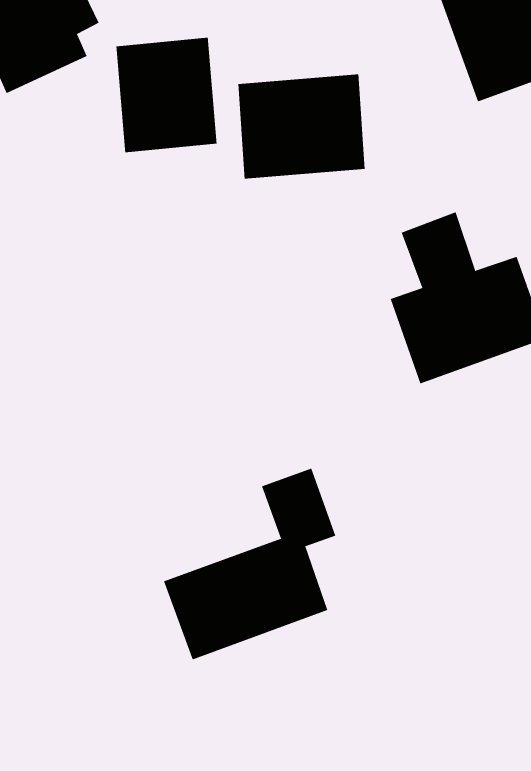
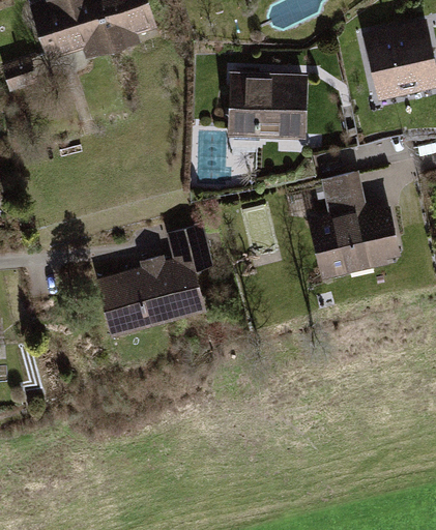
building: [116,37,217,153] -> none
building: [163,468,336,660] -> [100,225,212,334]

